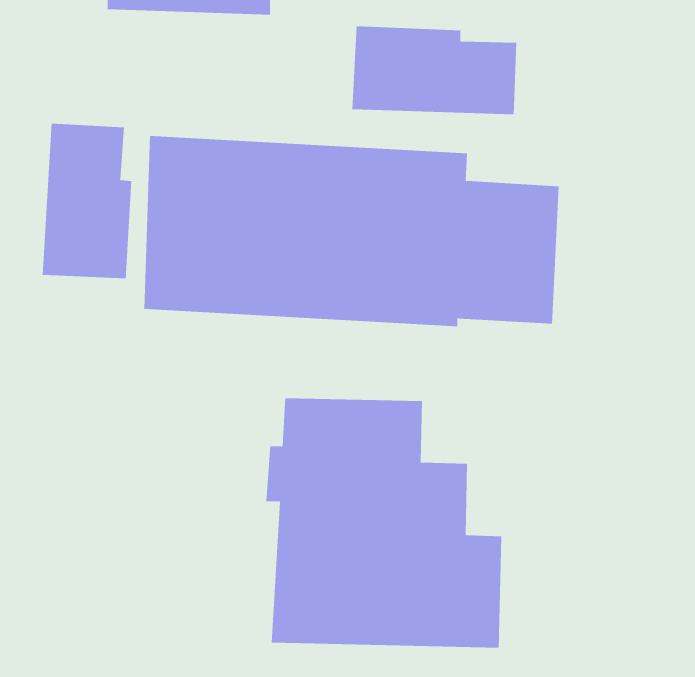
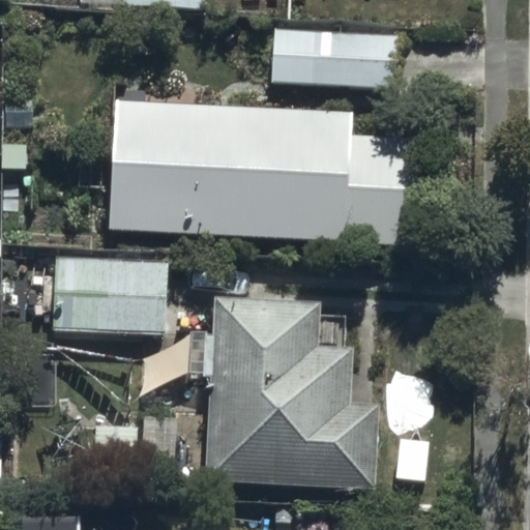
building: [42,123,132,279] -> none
building: none -> [52,251,168,332]

